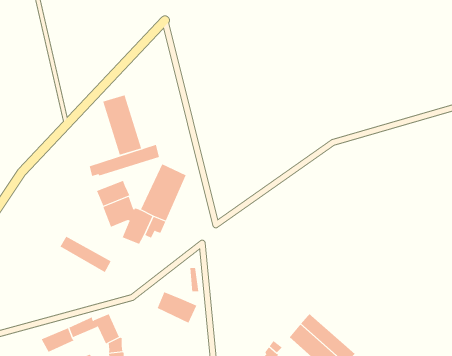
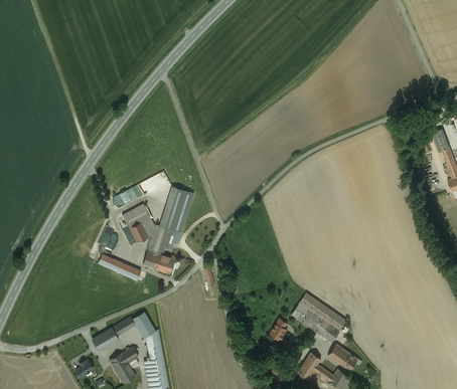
building: [103,94,142,155] -> none
building: [157,292,197,323] -> [143,250,175,273]

